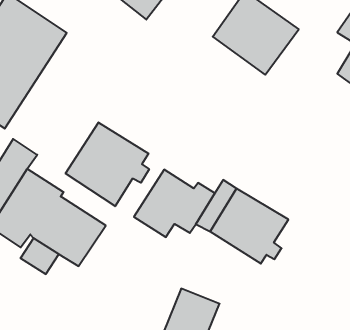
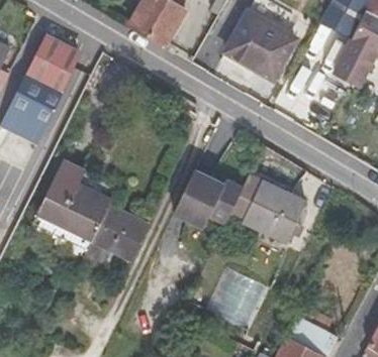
building: [66,122,149,206] -> none

